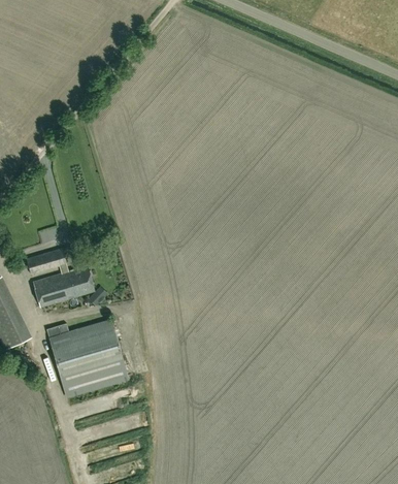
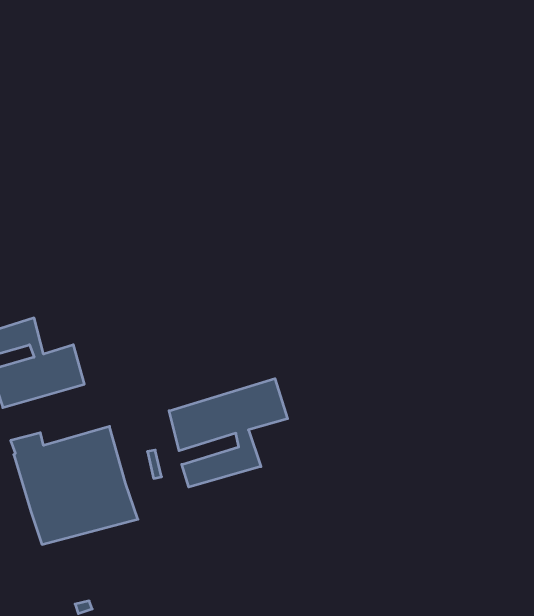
building: none -> [169,379,288,487]

